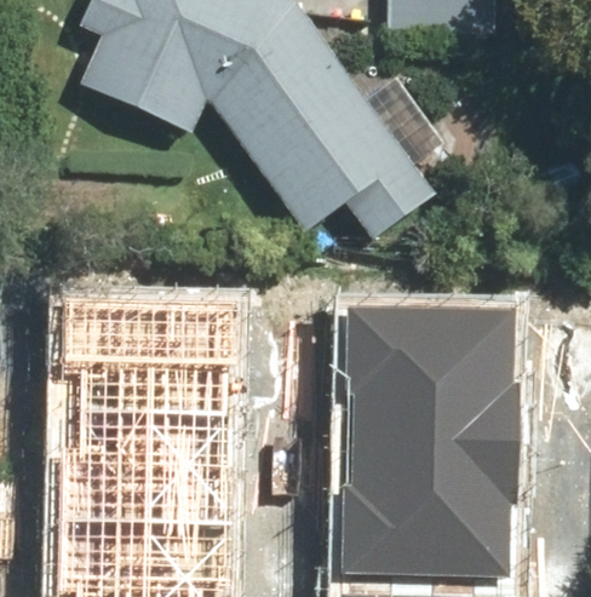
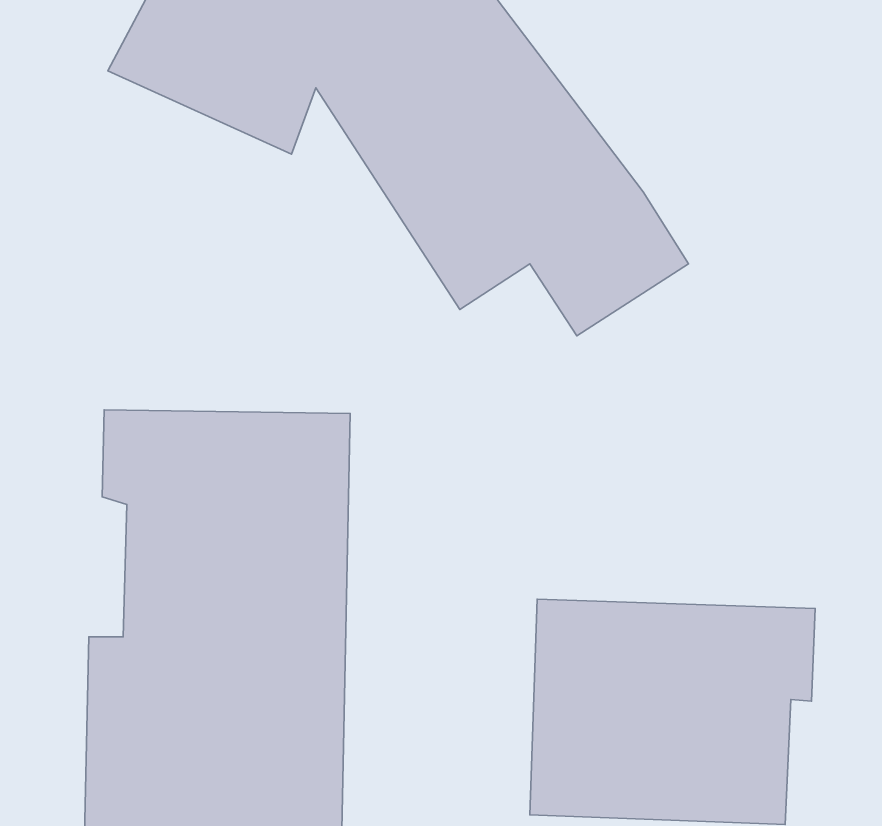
building: [348,288,526,430] -> none

